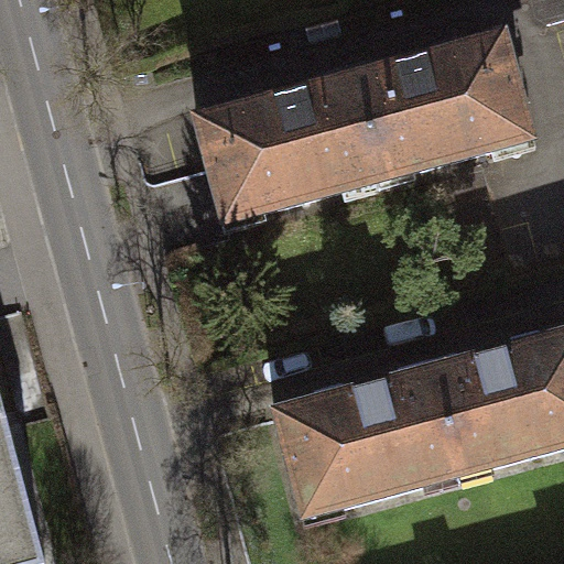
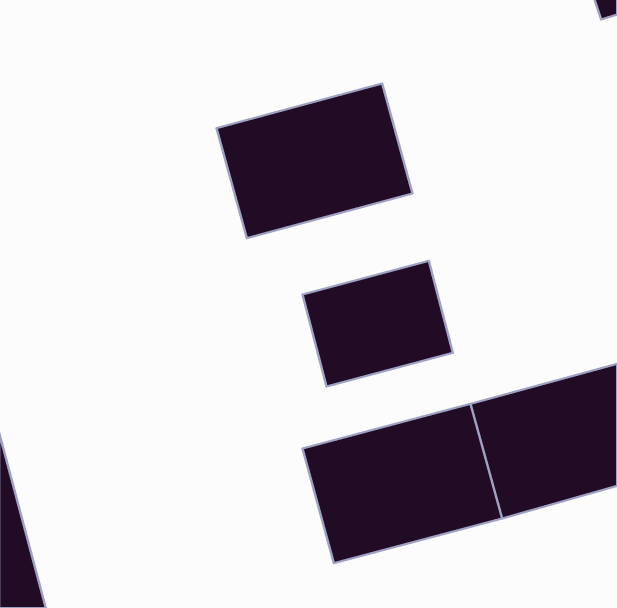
building: [348,34,529,176] -> none
building: none -> [302,261,453,387]

